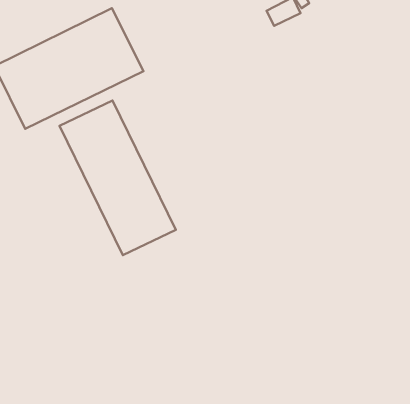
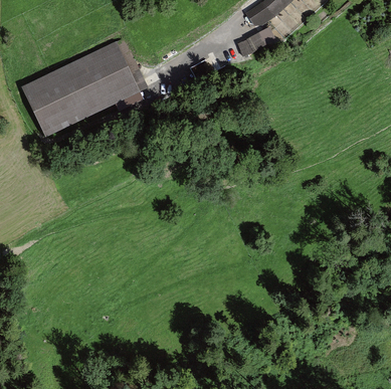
building: [59,101,176,255] -> none

